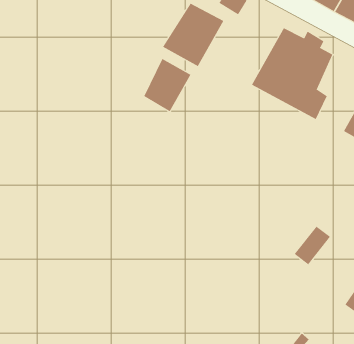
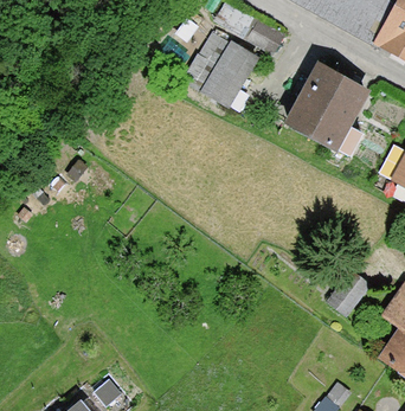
building: [143,58,191,112] -> none

